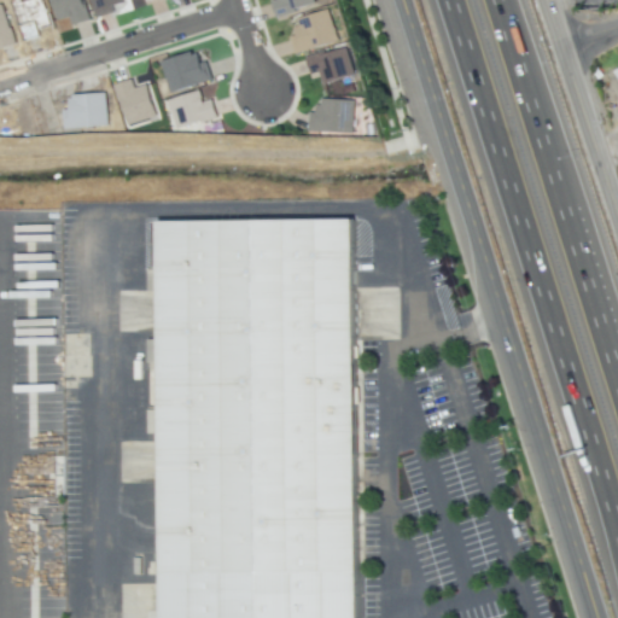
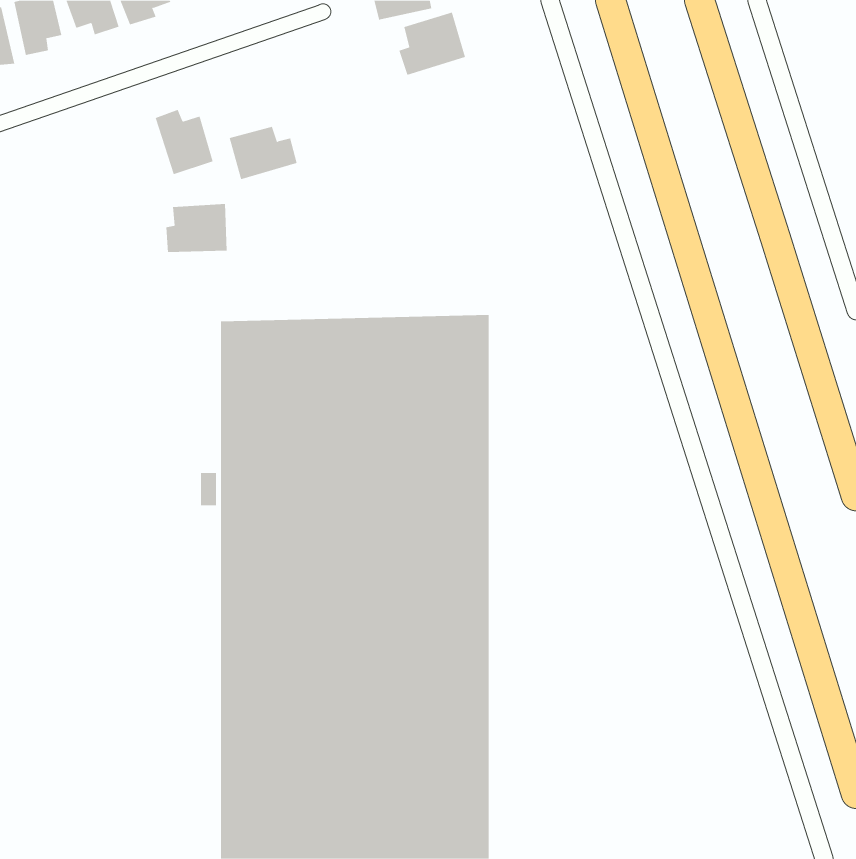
building: [302,46,350,83] -> none
building: [157,51,210,93] -> none
building: [59,93,104,128] -> [165,204,228,252]
building: [304,98,351,133] -> none

